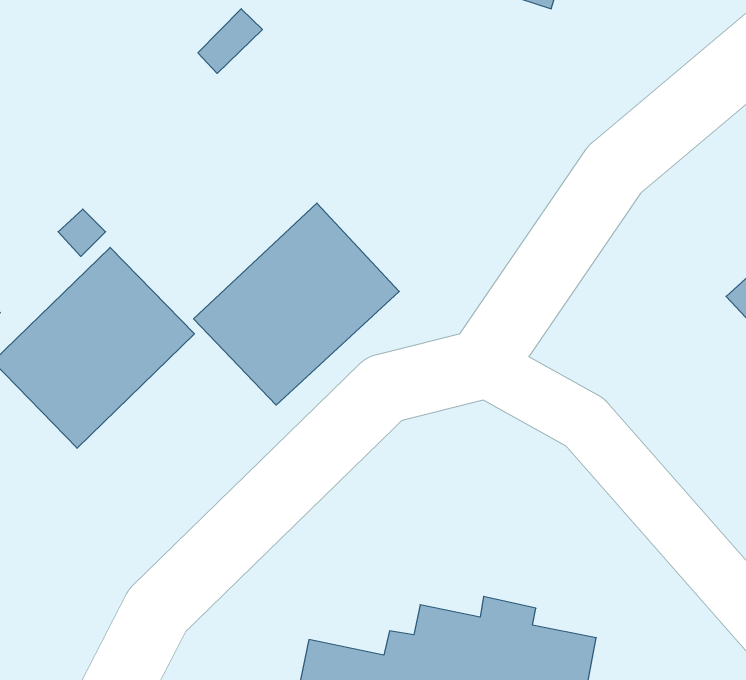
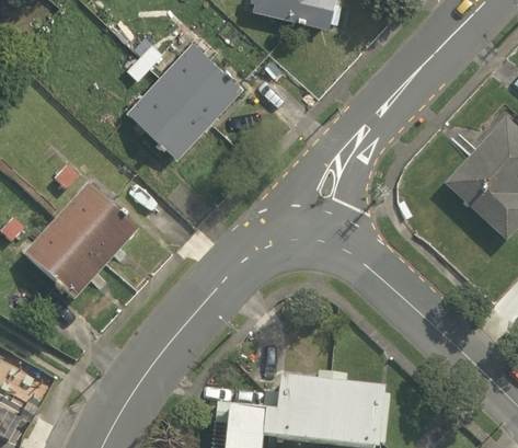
building: [194,203,399,405] -> [127,38,244,157]

